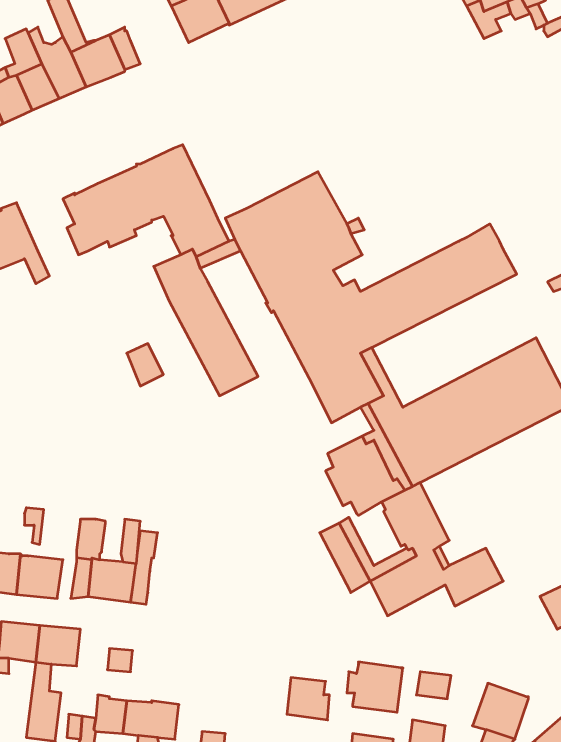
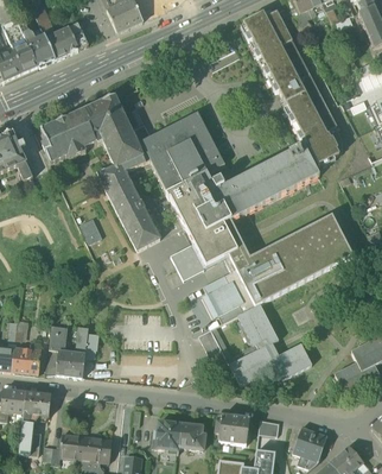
building: none -> [242,11,338,165]
building: none -> [170,245,204,280]
building: none -> [152,419,180,449]

